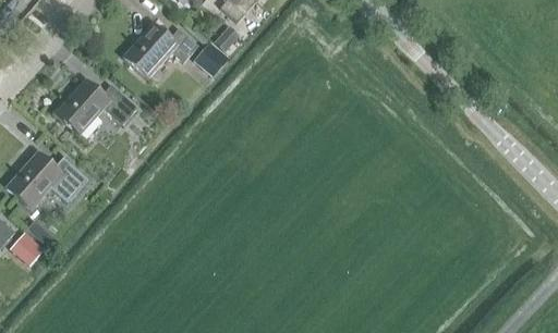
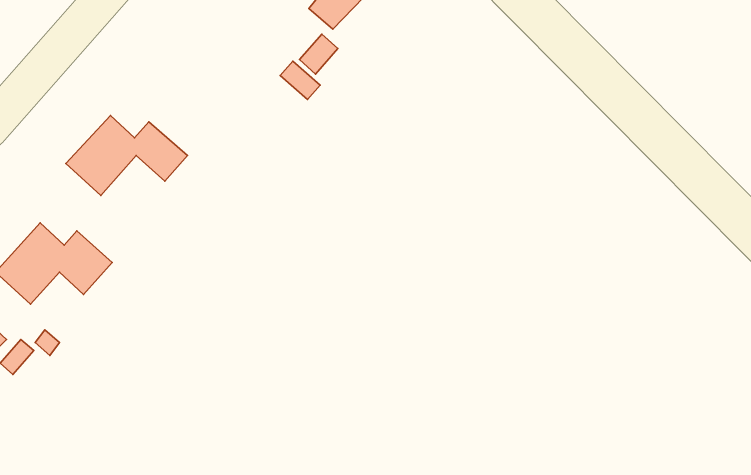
building: [122,23,197,78] -> none

